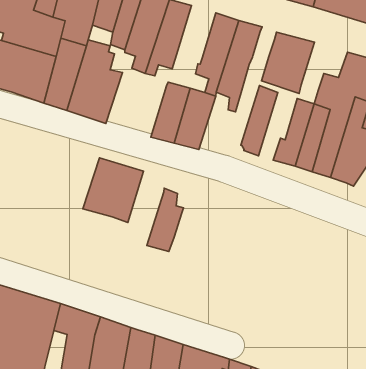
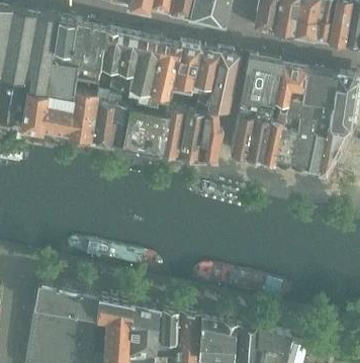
building: none -> [172,47,199,88]
building: none -> [274,66,308,104]
building: none -> [246,109,272,164]
building: [83,158,143,222] -> [120,106,166,156]
building: [147,188,183,252] -> [197,114,223,165]

